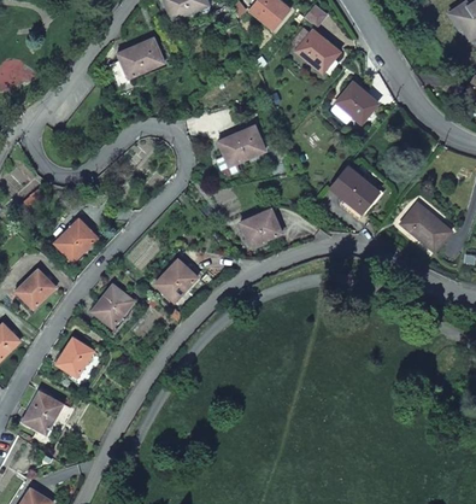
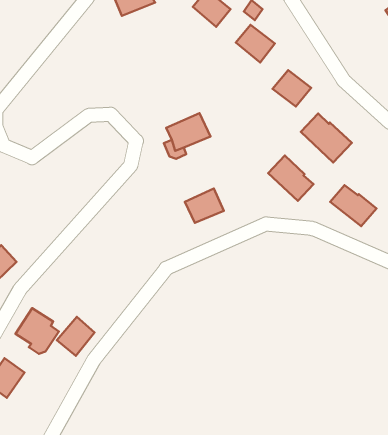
building: [106,36,163,84] -> none
building: none -> [301,113,352,163]
building: [55,221,96,262] -> none
building: [155,259,198,300] -> none
building: [92,285,133,327] -> [57,317,95,356]

